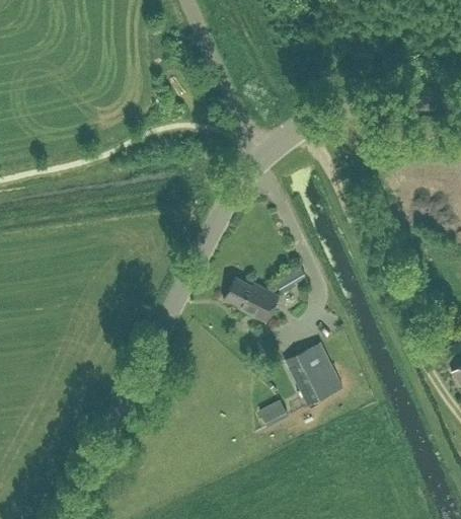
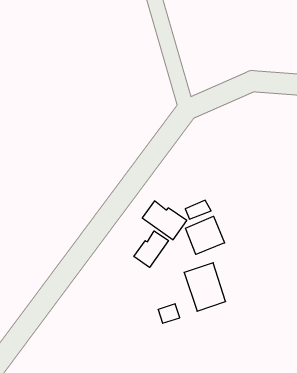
building: none -> [185,216,225,254]
building: none -> [134,231,168,267]

